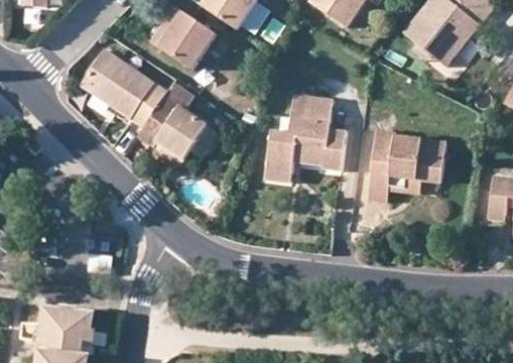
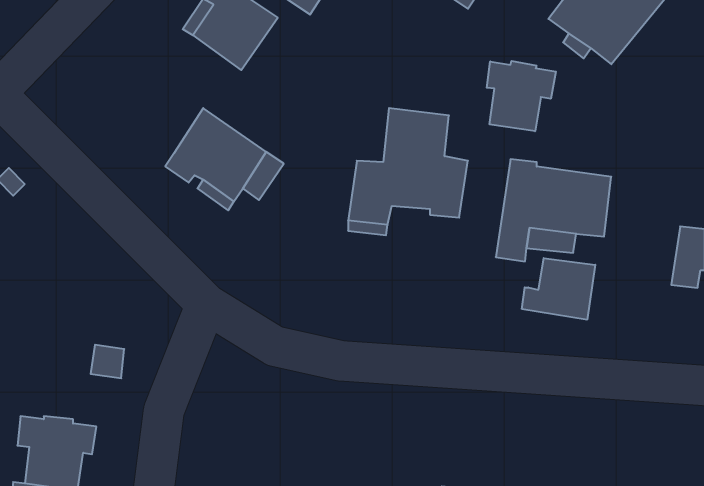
building: [82,46,168,125] -> none
building: none -> [487,61,556,131]
building: none -> [522,258,595,320]

